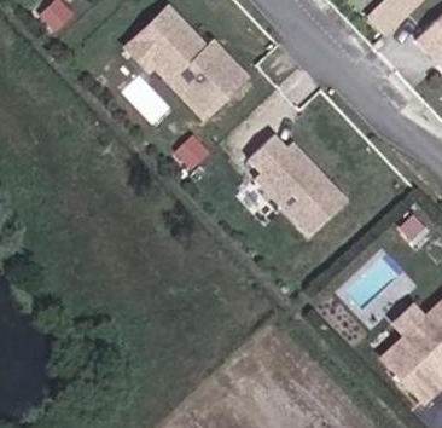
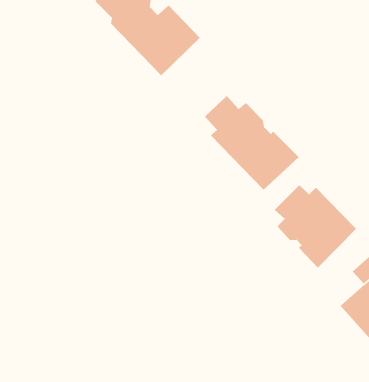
building: none -> [274,184,357,269]

